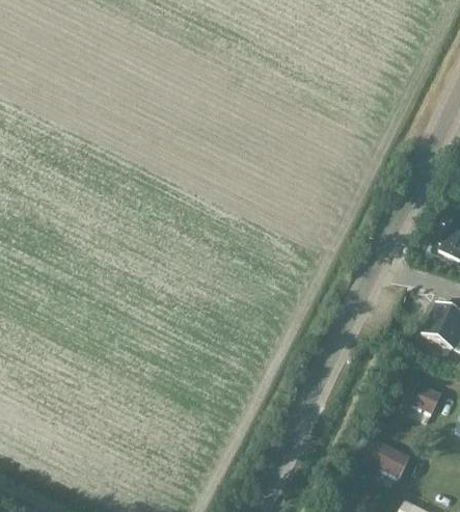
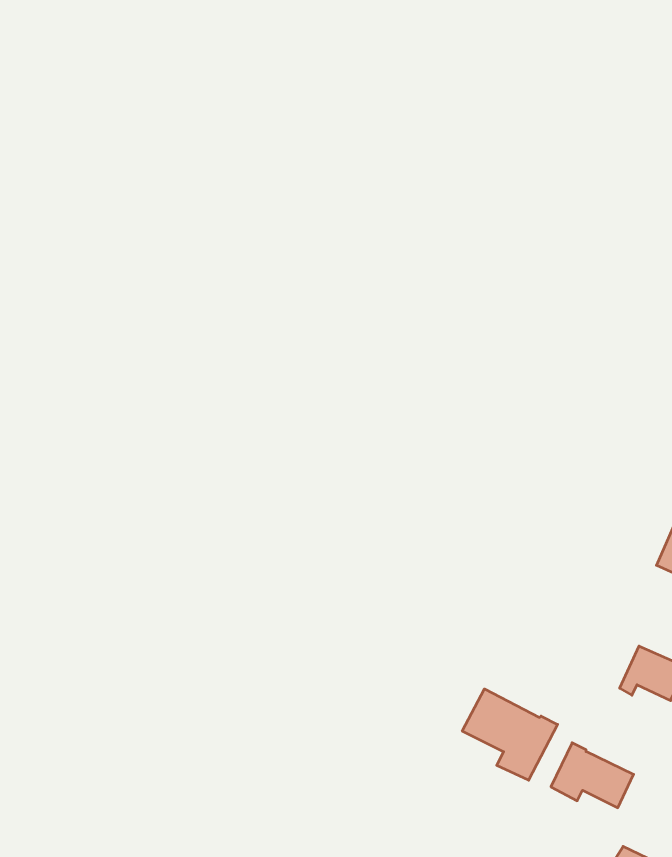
building: none -> [462,689,558,780]

